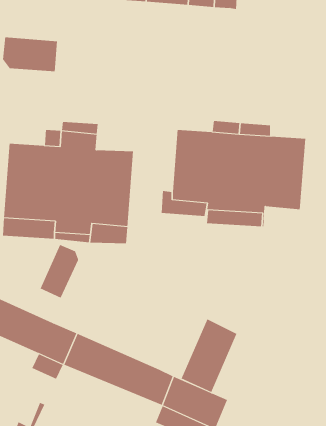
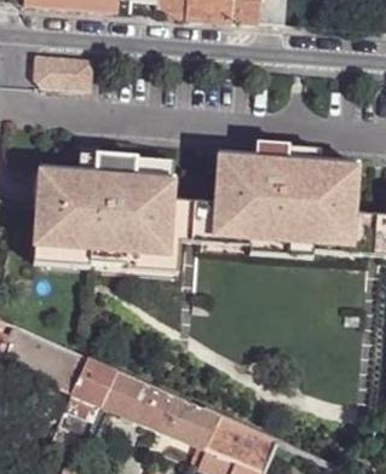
building: [40,244,79,299] -> none
building: [181,319,237,393] -> none

